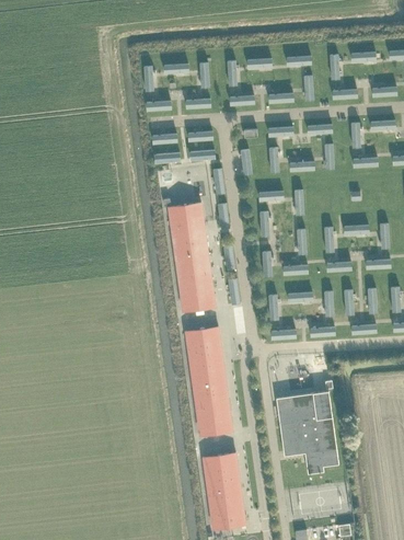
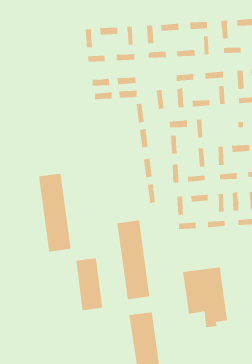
building: [169,202,215,310] -> [38,173,72,252]
building: none -> [76,257,103,311]

